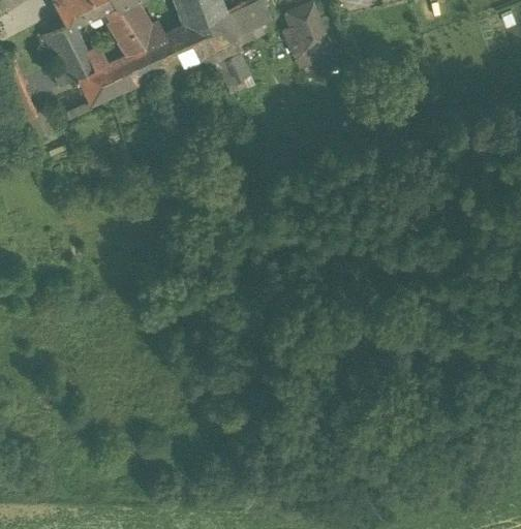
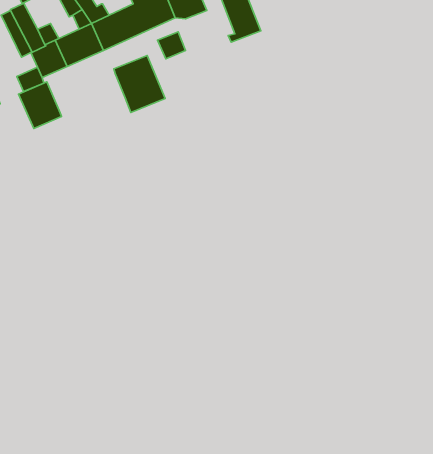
building: none -> [114,56,165,113]
building: none -> [18,82,62,128]

